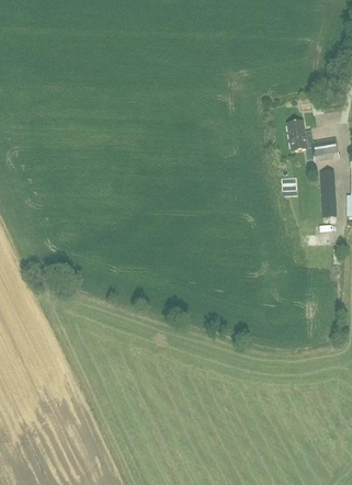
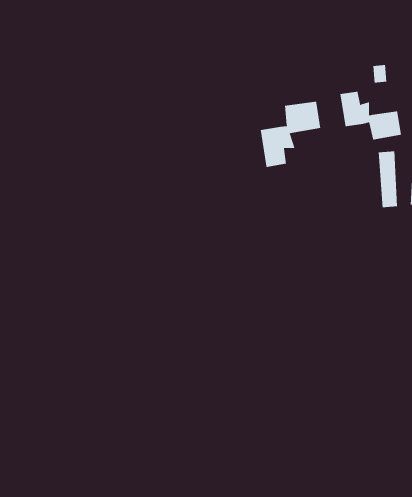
building: none -> [260,101,321,168]

